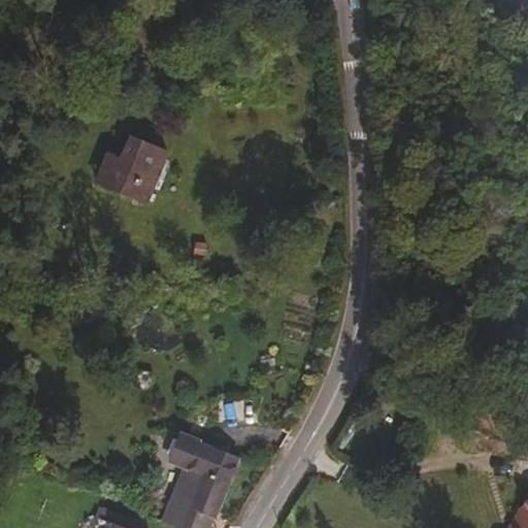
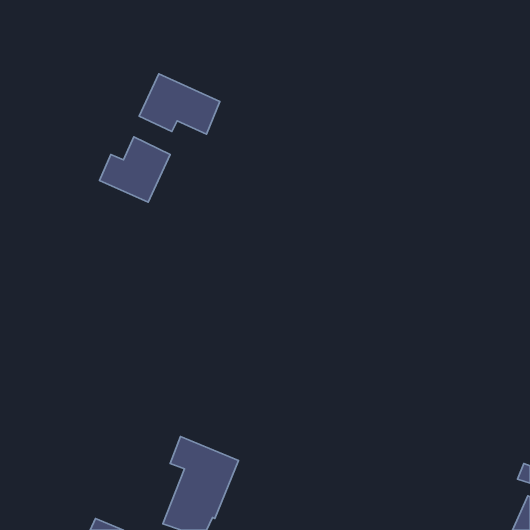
building: none -> [139,74,220,134]

